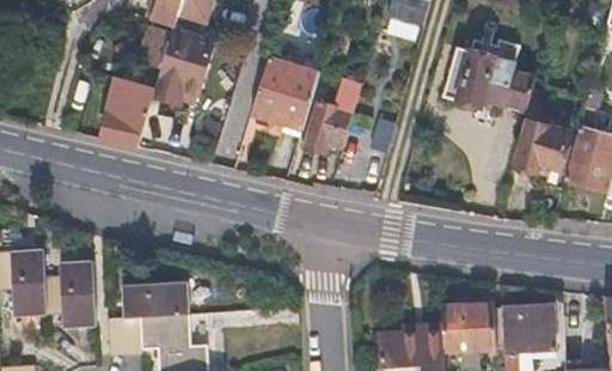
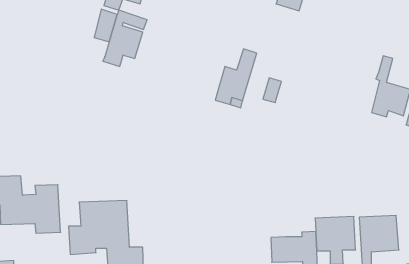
building: [442,41,536,110] -> none
building: [250,57,319,129] -> none
building: [98,78,155,146] -> none

